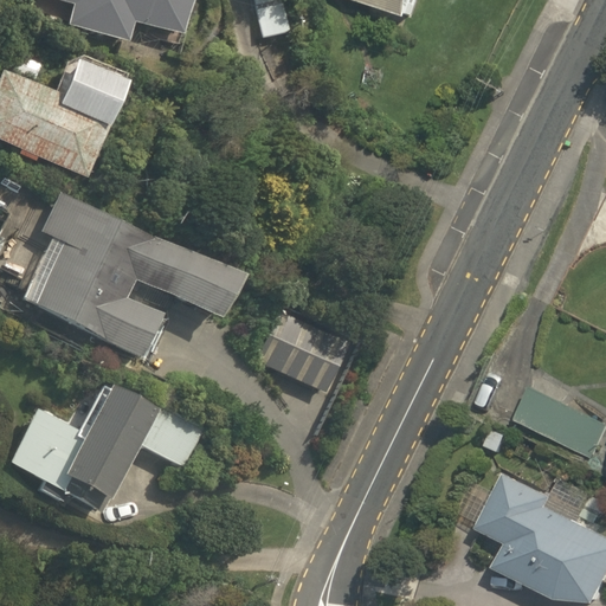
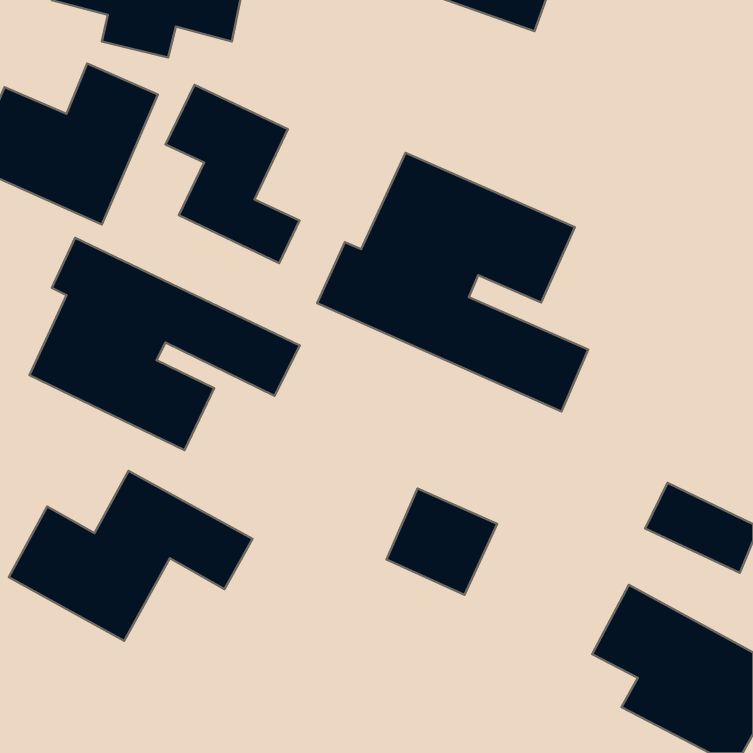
building: none -> [166,85,299,263]
building: none -> [317,153,588,412]
building: [259,309,348,394] -> [386,488,497,595]

